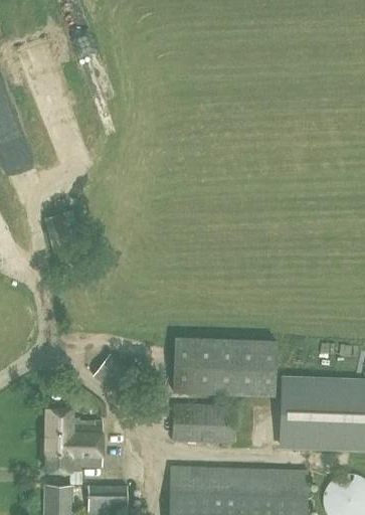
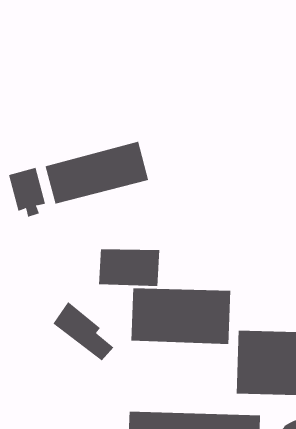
building: none -> [45,141,149,204]
building: [171,404,235,444] -> [98,249,160,286]
building: [44,409,103,472] -> none

